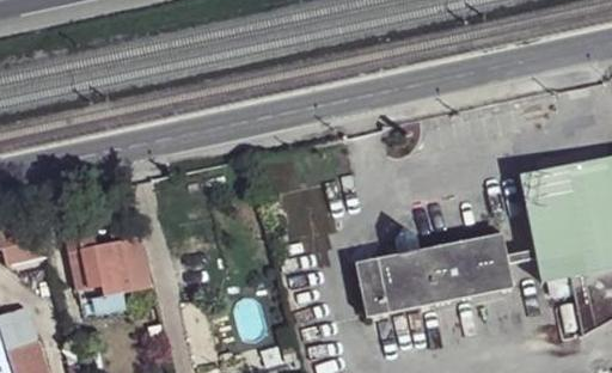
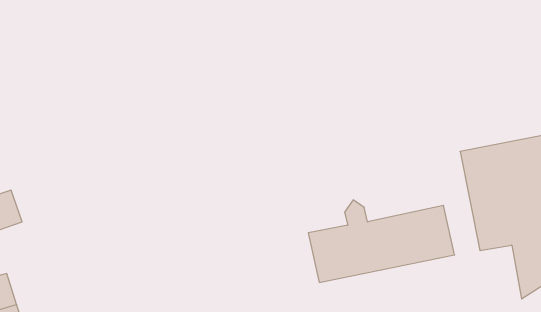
building: [65,231,152,295] -> none

